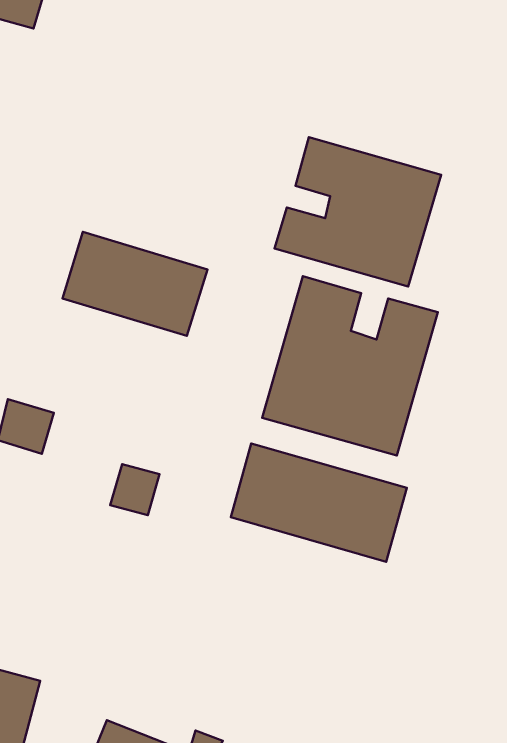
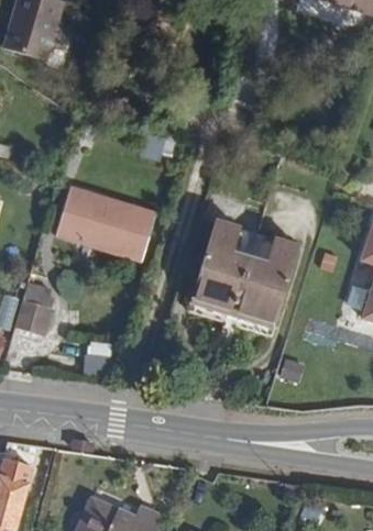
building: [275,137,441,287] -> none
building: [231,443,407,562] -> none

